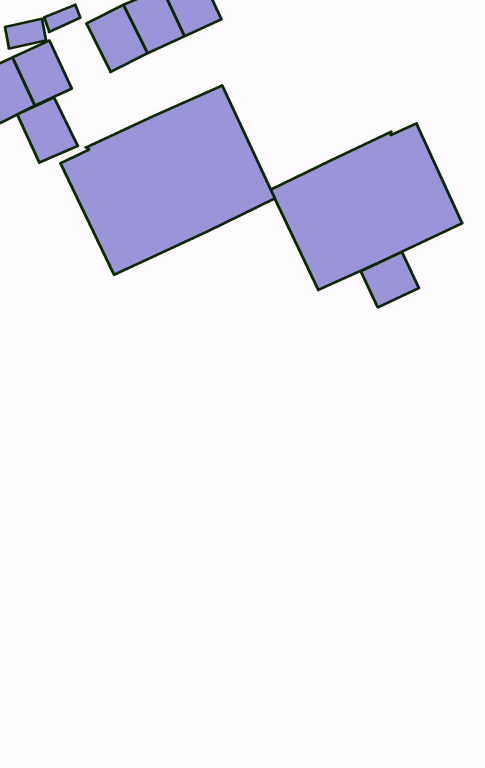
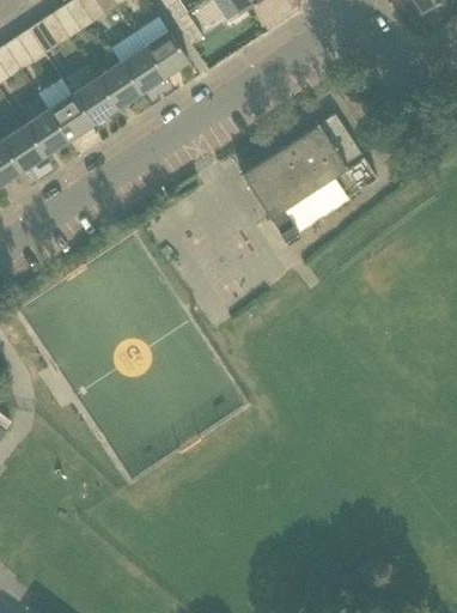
building: [60,85,275,275] -> none
building: [17,98,78,163] -> [73,77,118,123]
building: [361,252,419,307] -> none

